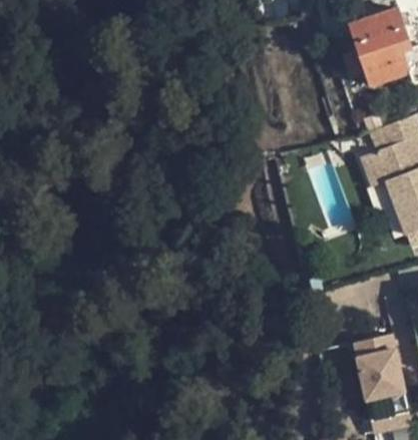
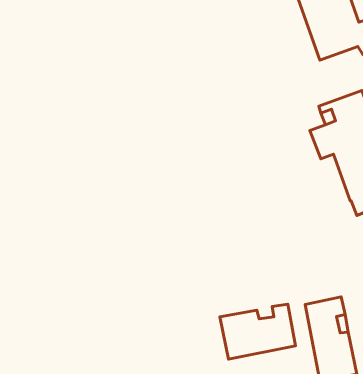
building: none -> [220,304,295,359]

